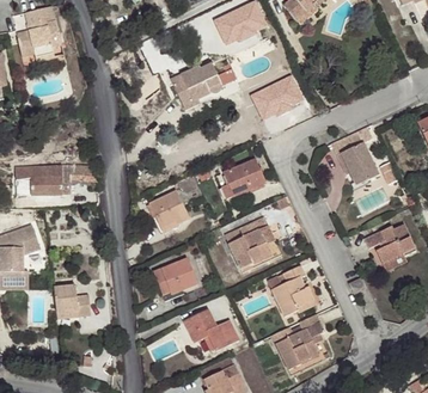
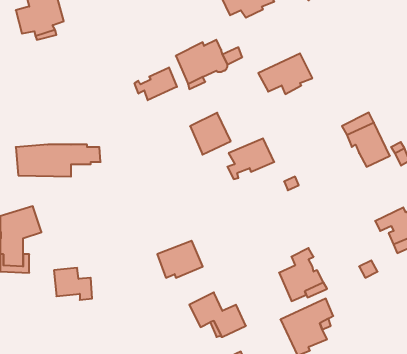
building: none -> [135,67,177,100]
building: [149,190,189,231] -> [190,113,231,155]
building: [225,215,273,268] -> none

